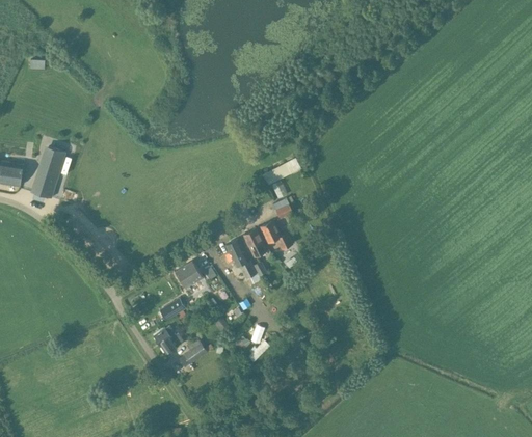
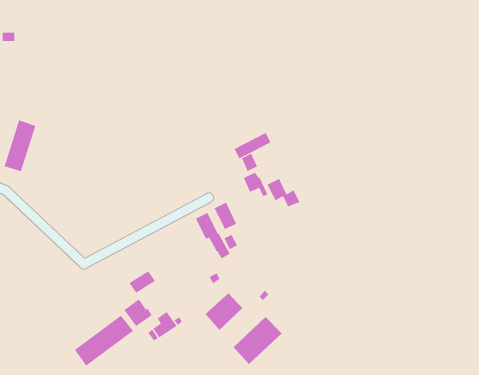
building: [259,221,292,250] -> [267,178,300,207]
building: [174,262,201,296] -> none
building: none -> [74,315,134,366]
building: none -> [233,316,282,365]

